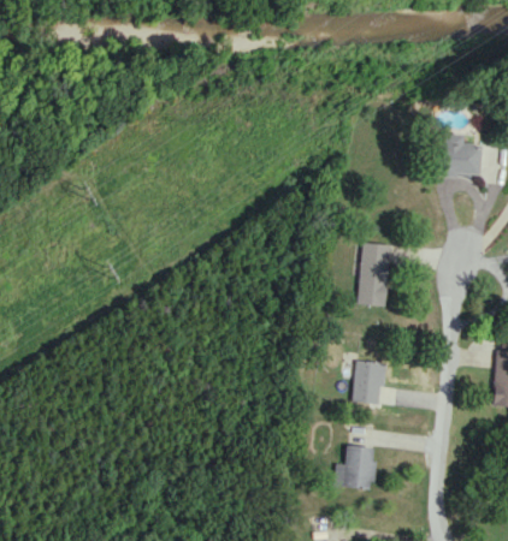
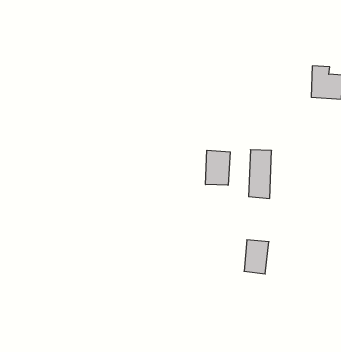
building: none -> [206,150,230,185]
building: [335,445,376,489] -> none

